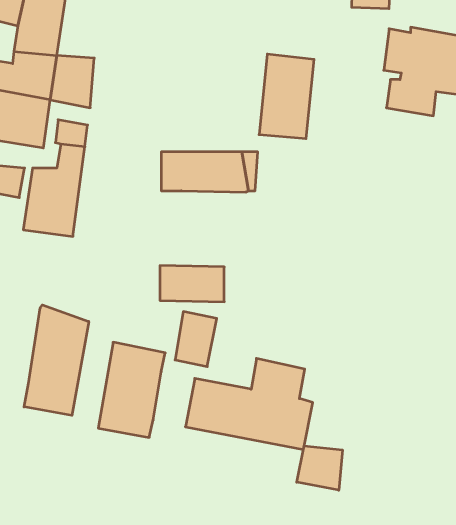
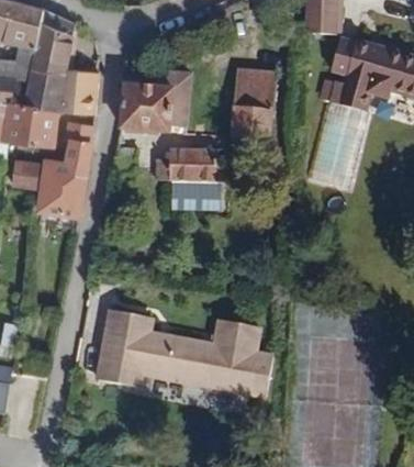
building: none -> [134,71,202,132]
building: [160,266,224,302] -> [165,184,217,213]
building: [24,305,89,415] -> none
building: [175,312,217,367] -> [142,332,176,377]
building: [297,446,342,490] -> none

